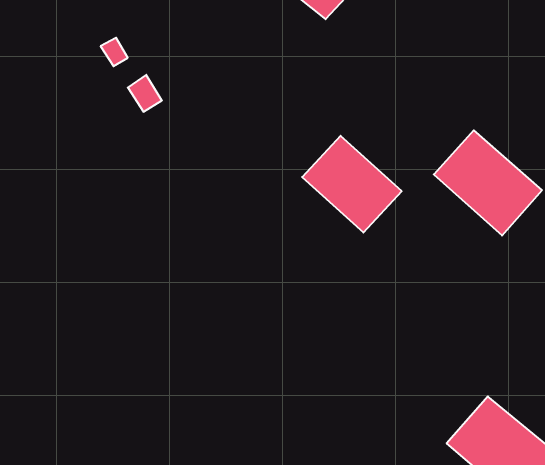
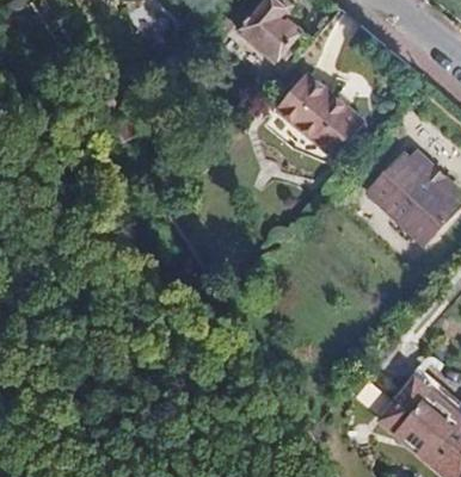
building: [302,136,402,233] -> [276,69,359,150]

